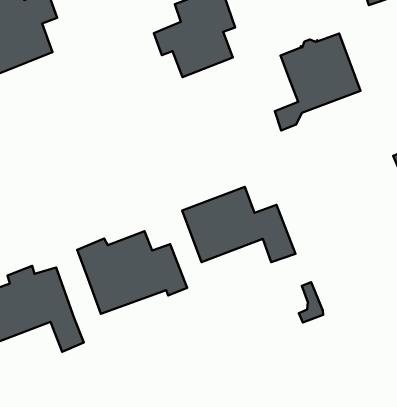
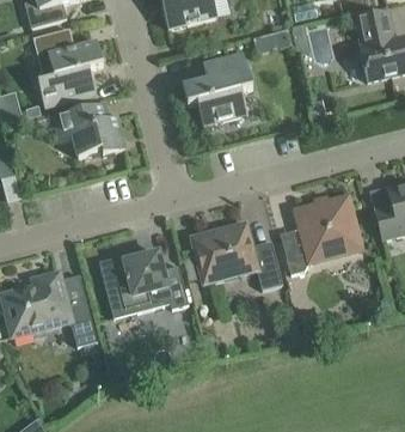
building: [275,34,361,130] -> [286,196,360,273]
building: none -> [53,102,124,156]

